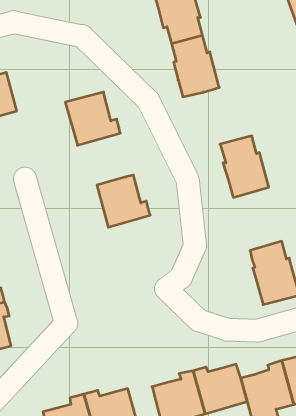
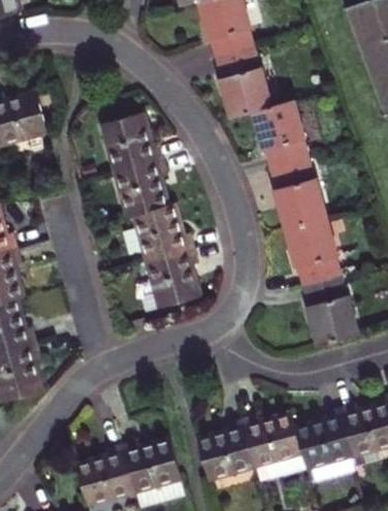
building: none -> [254,101,308,170]
building: none -> [115,158,168,218]
building: none -> [287,218,341,288]
building: none -> [149,249,201,308]

